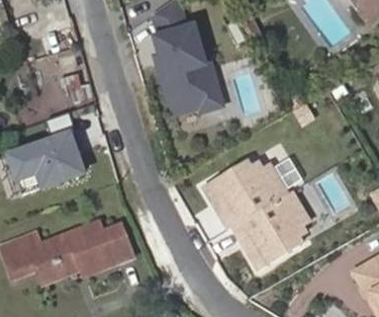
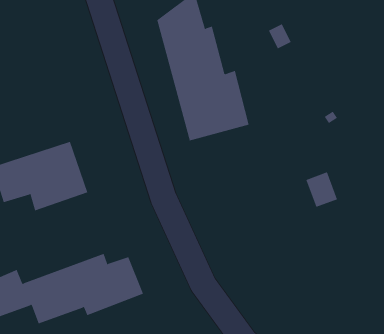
building: [203,153,312,272] -> none

